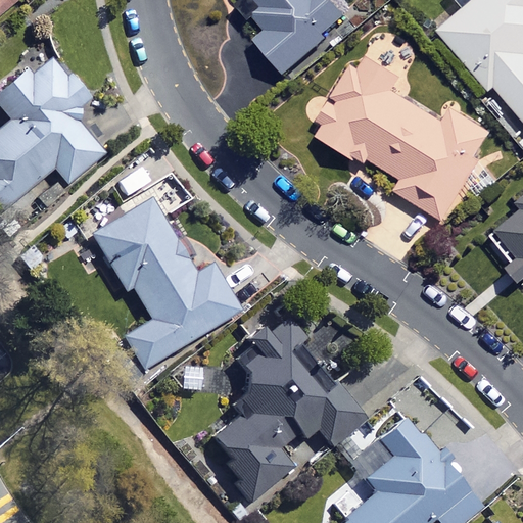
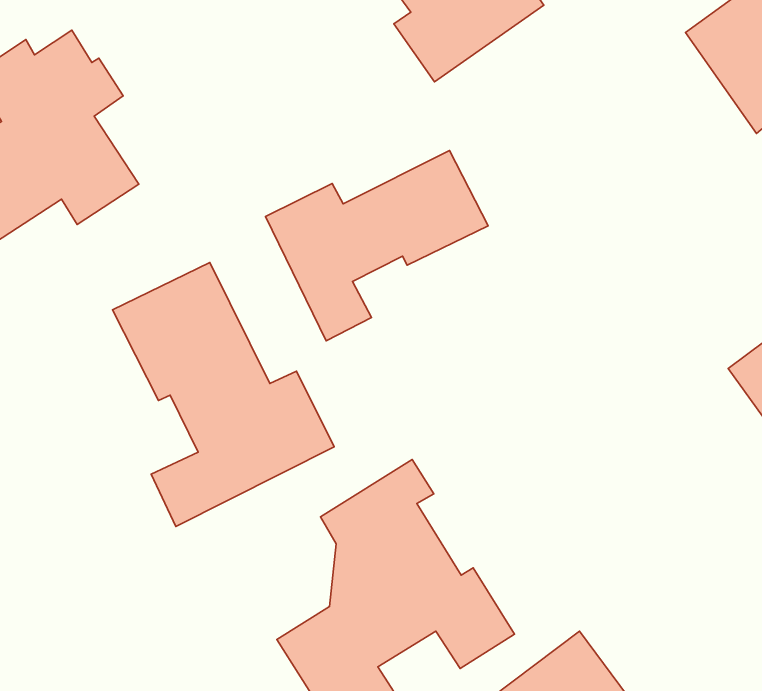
building: [312,51,491,220] -> none
building: none -> [265,151,488,341]

